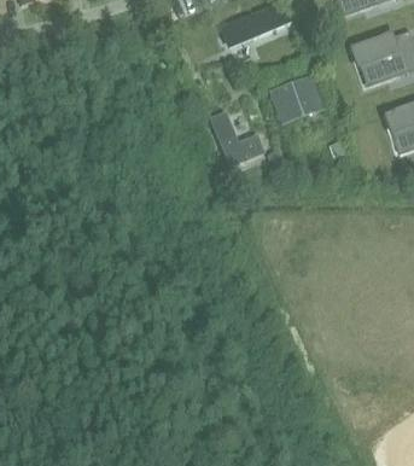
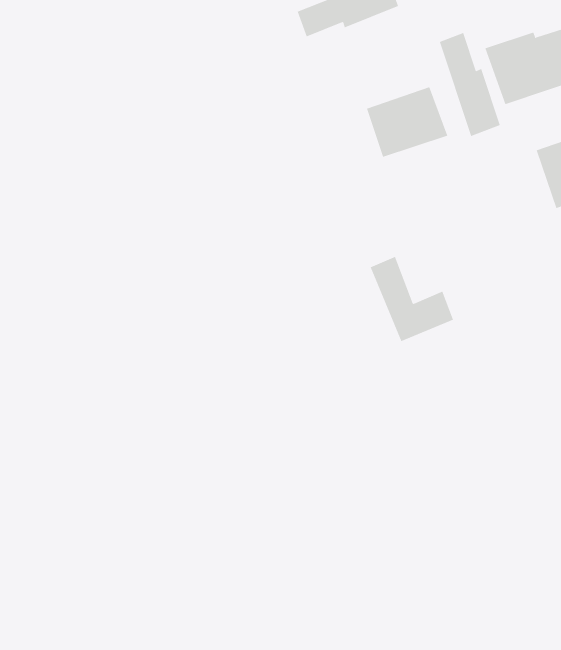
building: none -> [439,32,501,137]
building: [210,109,266,165] -> [370,256,454,342]

